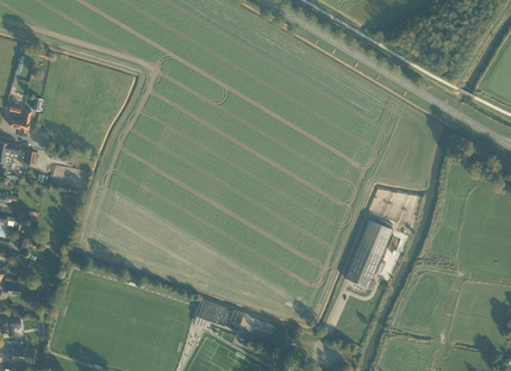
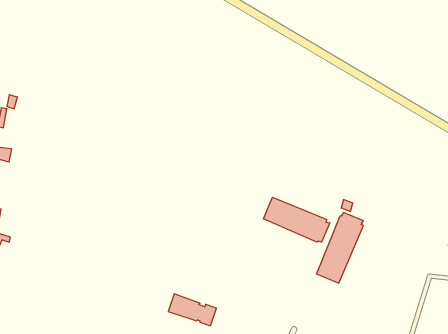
building: none -> [263,197,330,242]

